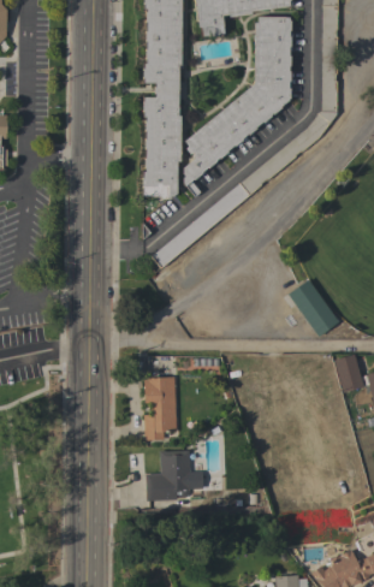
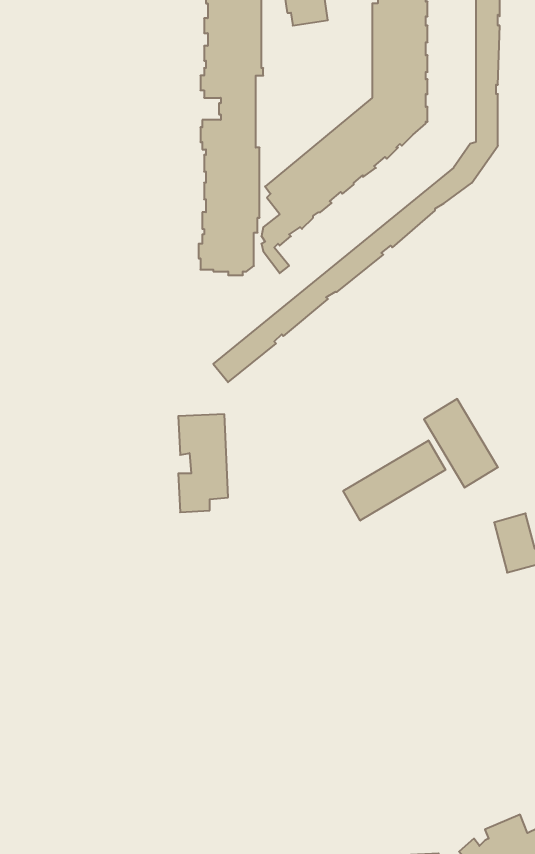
building: none -> [343,440,445,521]
building: [144,376,177,440] -> [178,414,228,512]
building: [147,450,191,500] -> none

